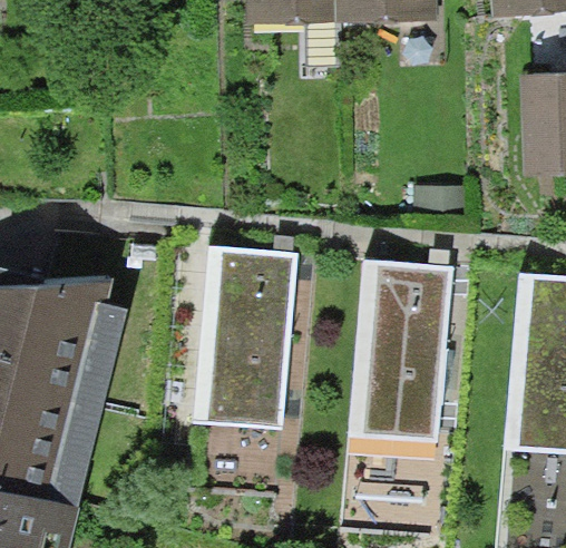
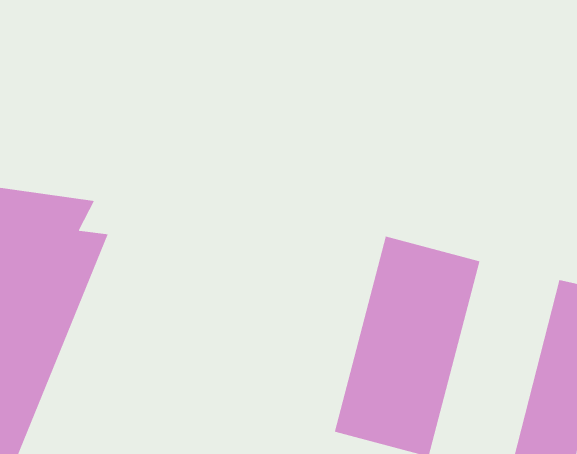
building: [192,246,299,432] -> none

